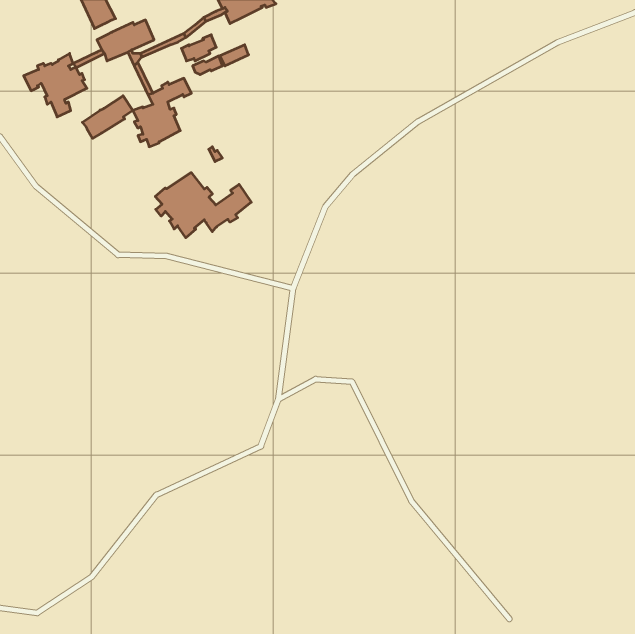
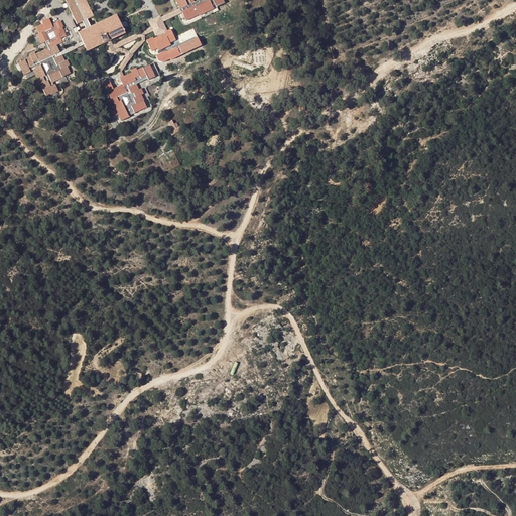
building: none -> [36,17,67,47]
building: [82,96,133,138] -> none
building: [155,173,251,238] -> none

